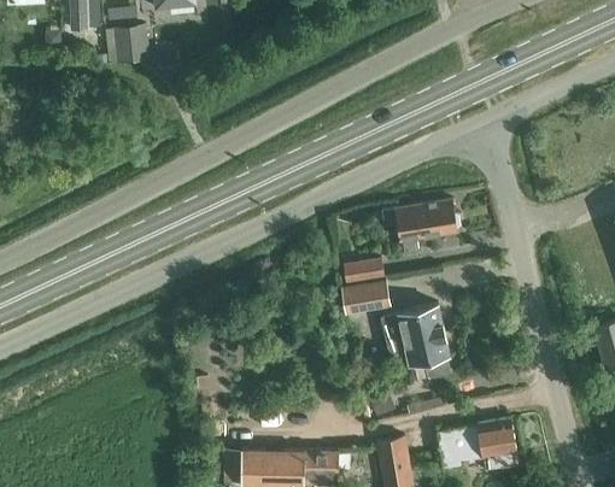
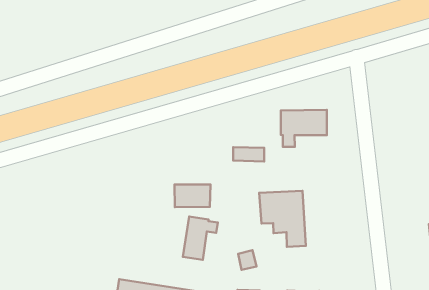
building: [341,277,389,312] -> [174,184,210,207]
building: none -> [183,217,218,260]

